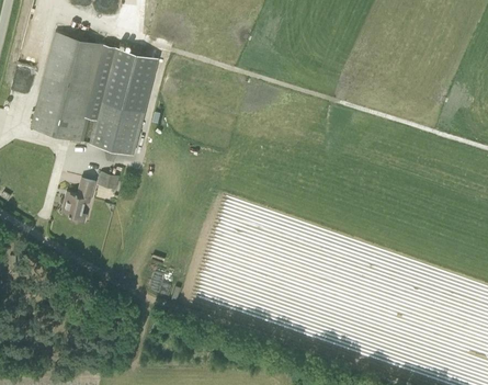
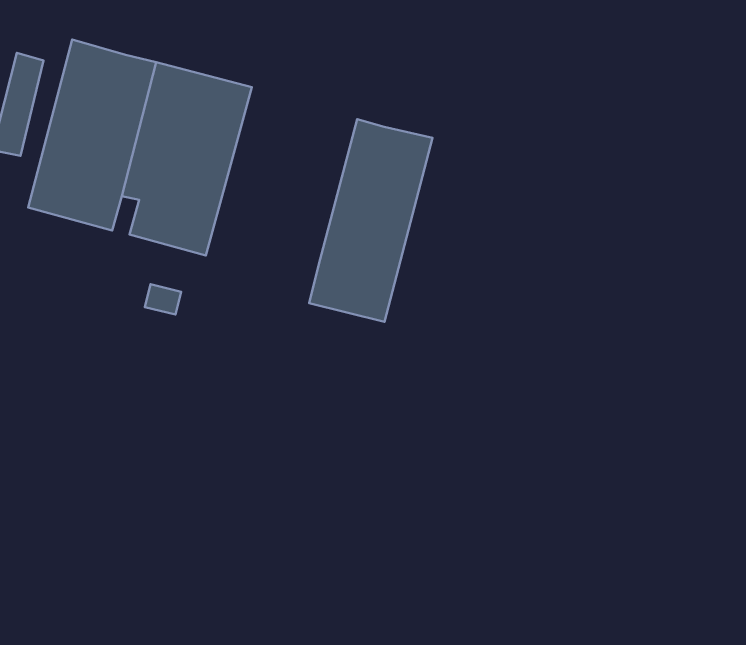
building: none -> [309,119,432,322]
building: [61,178,94,224] -> none

